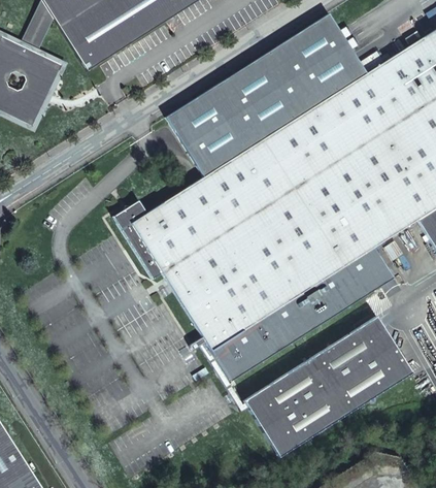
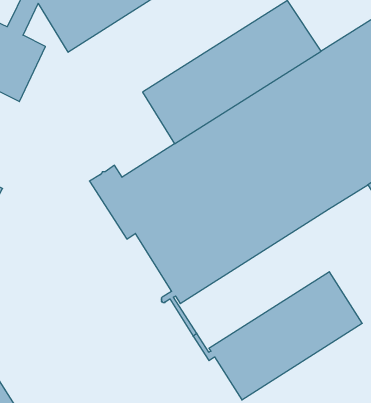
building: [210,246,394,383] -> none

